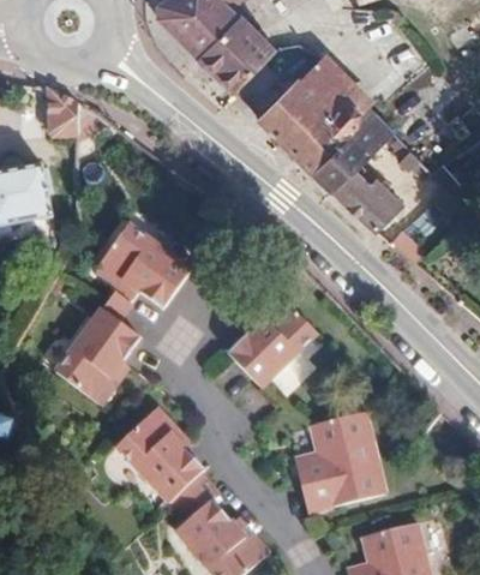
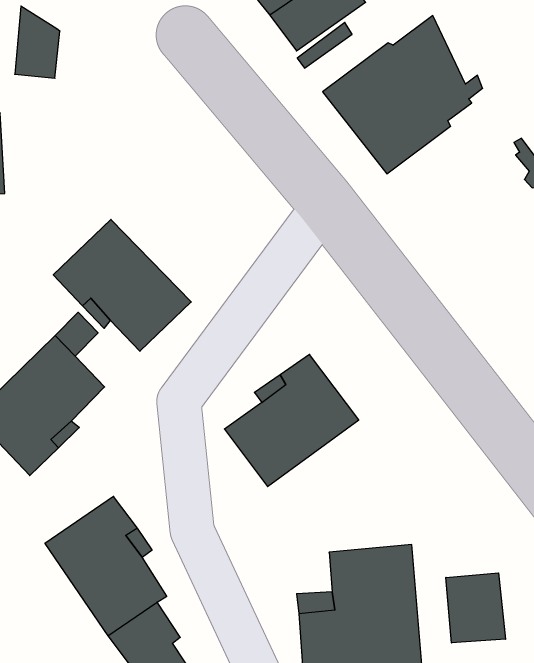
building: [311,98,404,228] -> none
building: none -> [446,573,506,643]

